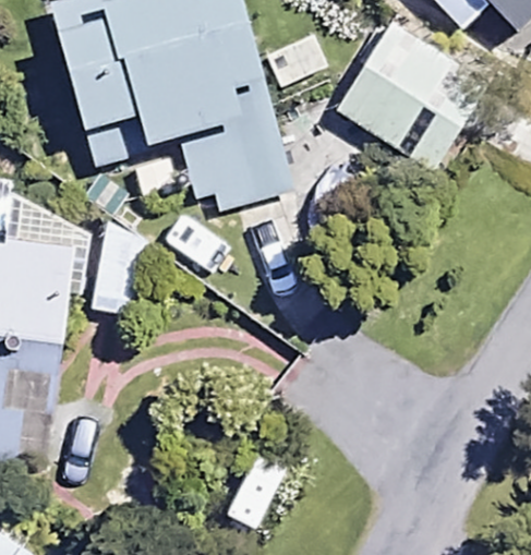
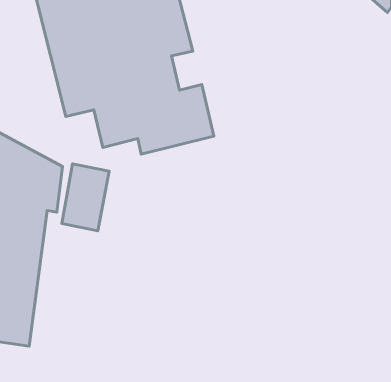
building: [326,16,485,170] -> none

